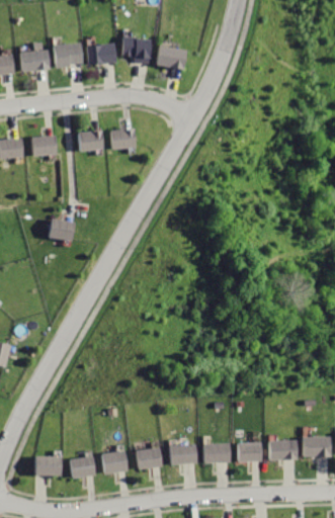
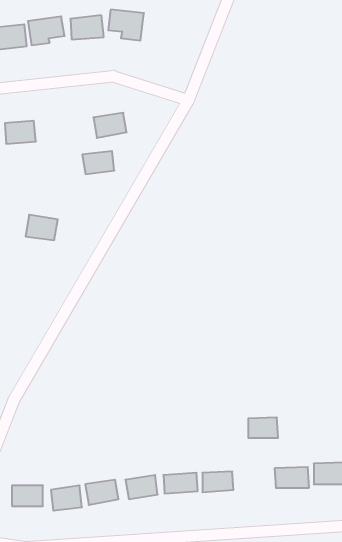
building: [154,46,186,70] -> none
building: [75,131,103,151] -> [82,151,114,174]
building: [237,442,263,460] -> [248,417,278,438]

